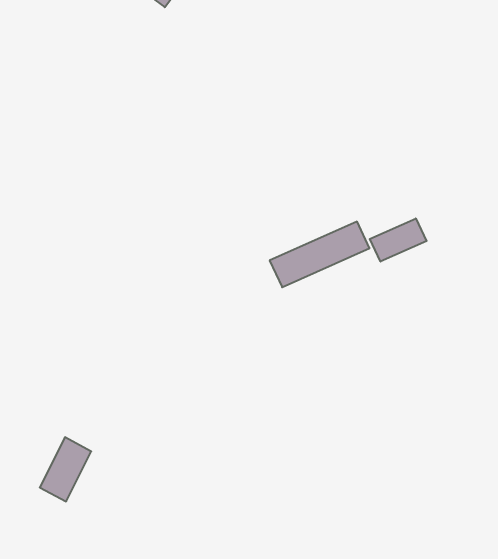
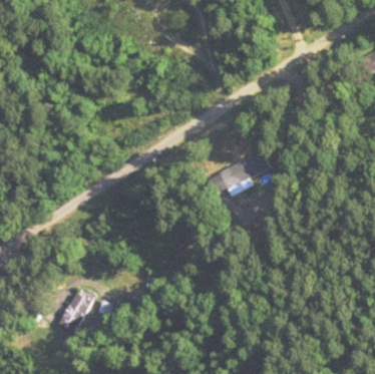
building: [370,218,427,262] -> none

